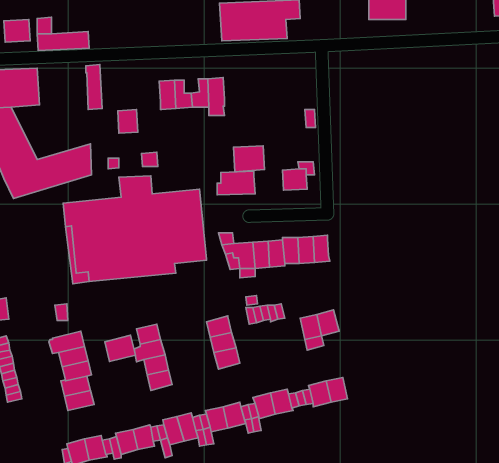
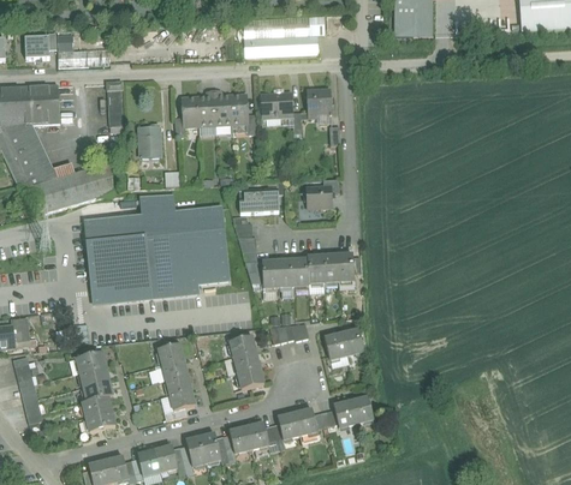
building: none -> [307,89,331,116]
building: [234,146,264,172] -> [261,91,292,118]
building: [105,335,135,362] -> none

